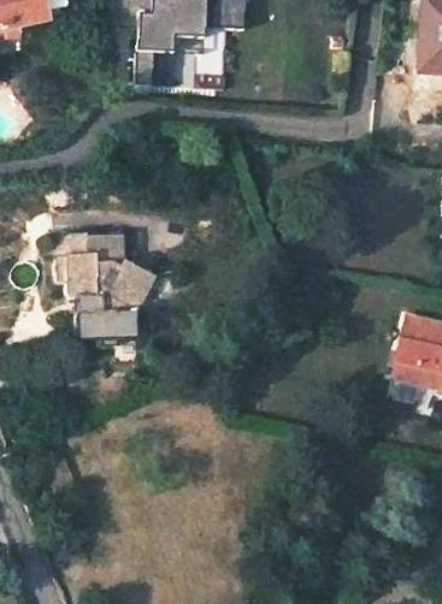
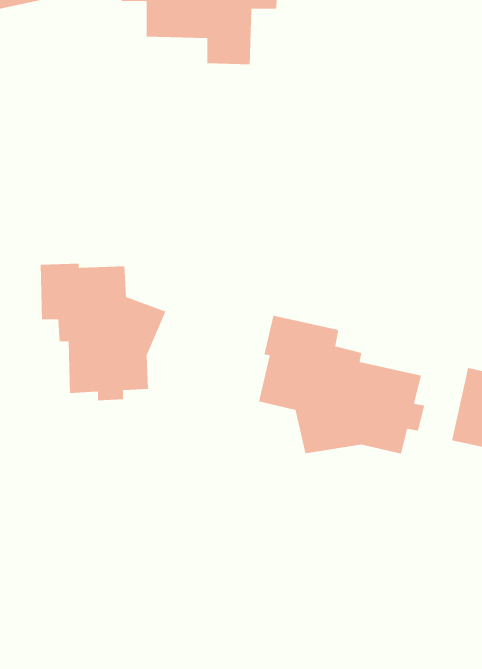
building: none -> [258,315,425,455]

